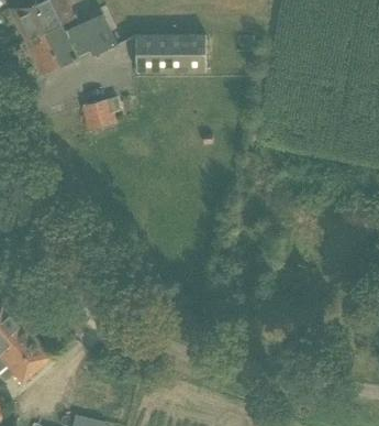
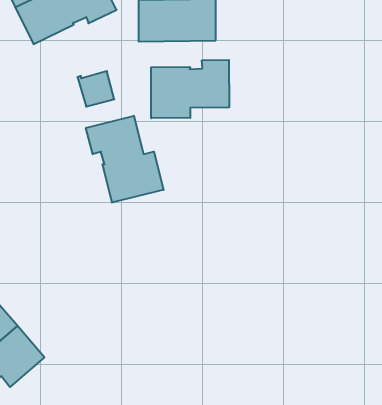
building: none -> [151,60,229,118]
building: none -> [86,116,164,203]

